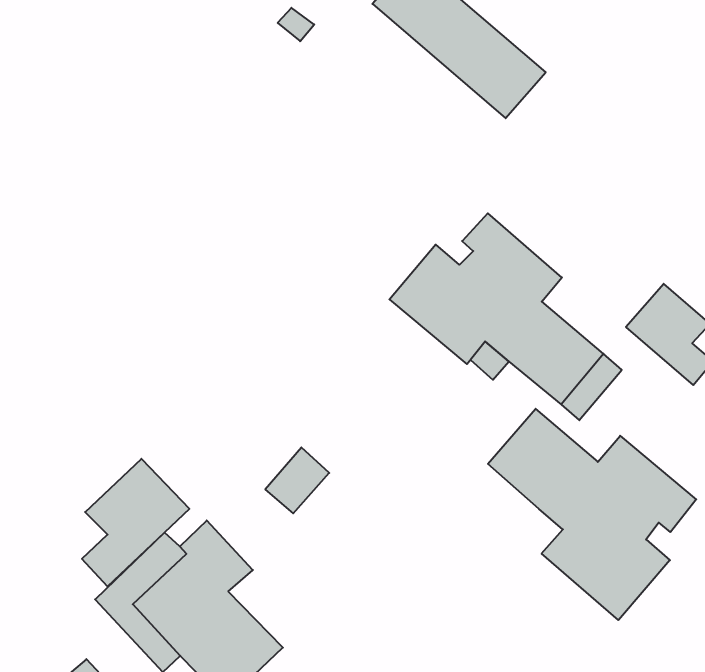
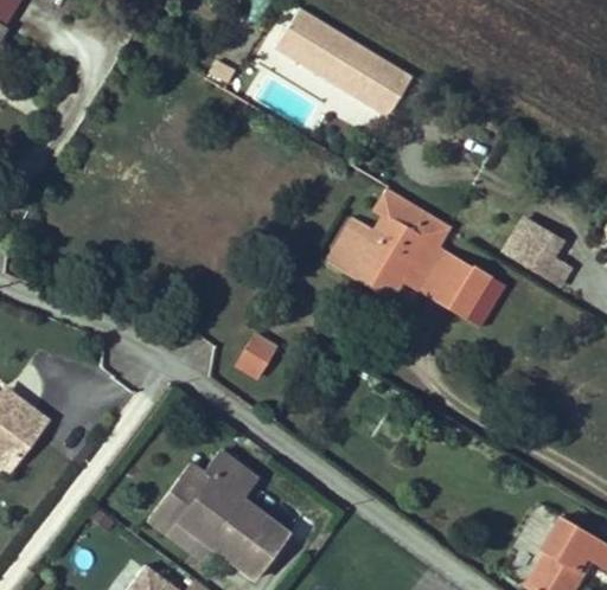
building: [488,409,696,620] -> none
building: [265,447,329,513] -> [234,331,279,380]
building: [82,459,189,586] -> none

